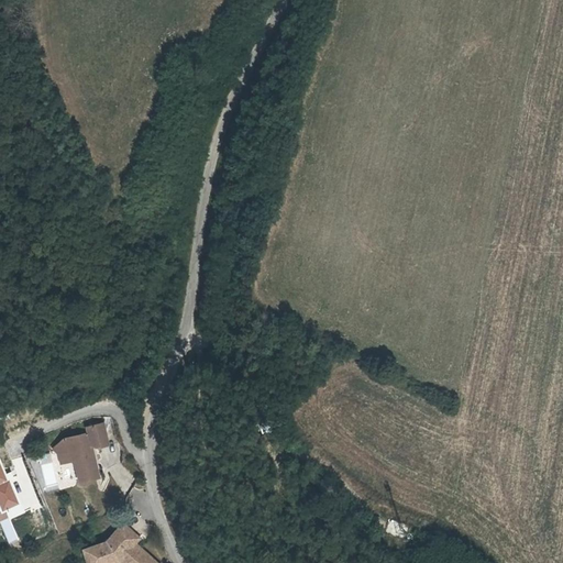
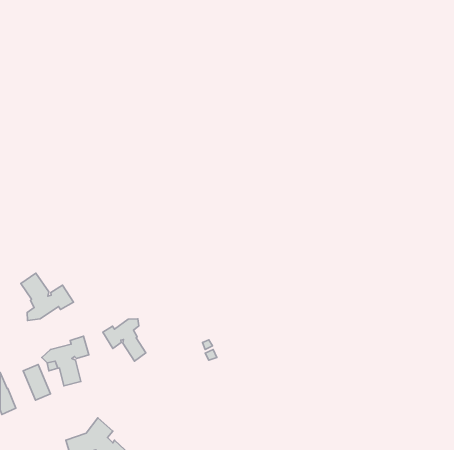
building: none -> [21,273,73,320]
building: none -> [103,319,146,361]

